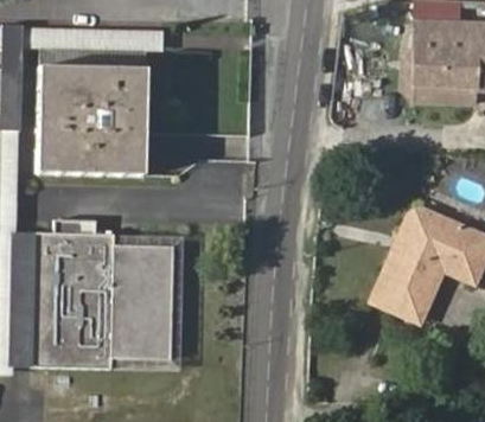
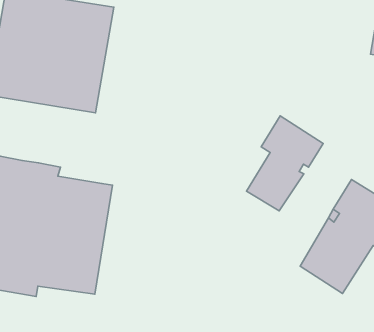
building: none -> [247,116,323,211]

